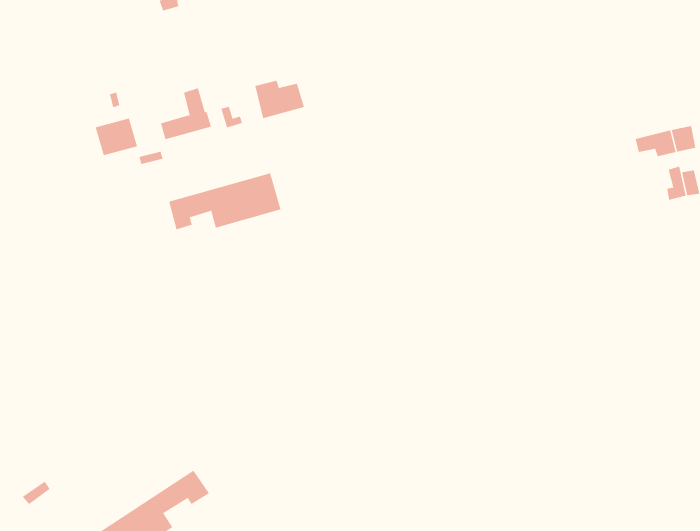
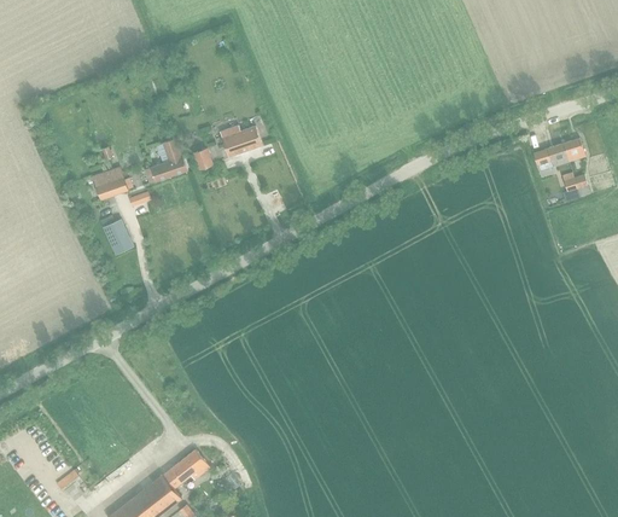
building: [168,172,281,230] -> none
building: none -> [103,219,133,254]

